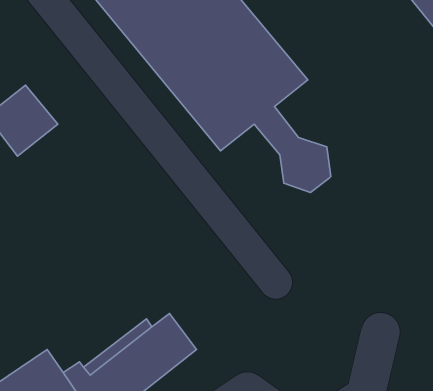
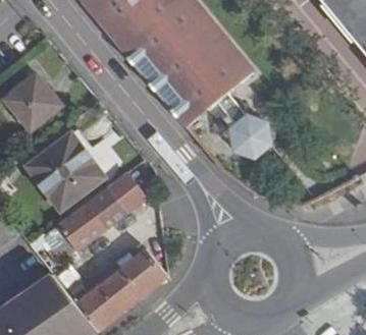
building: none -> [29,134,101,208]
building: none -> [43,173,144,260]

